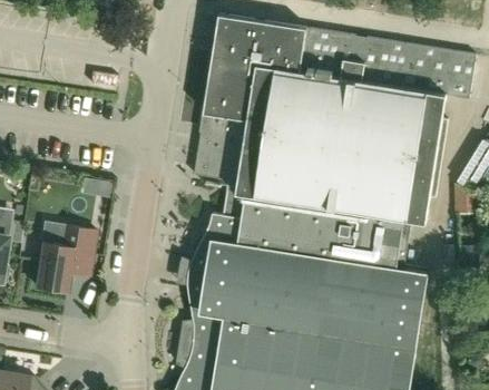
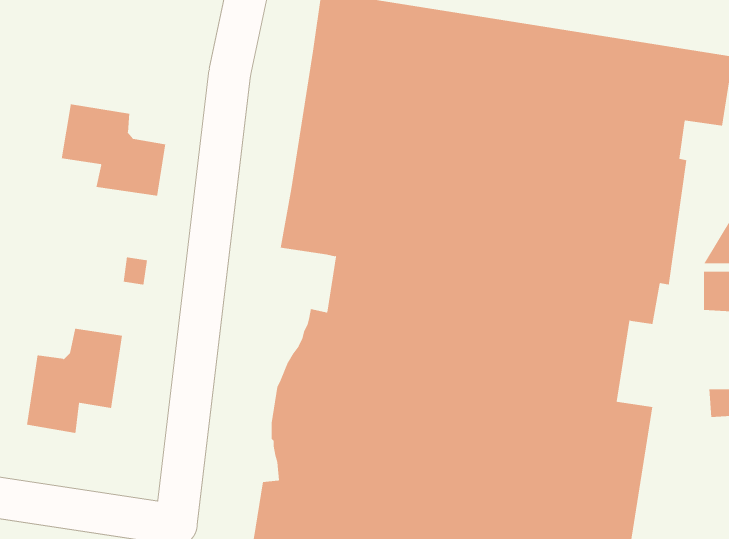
building: none -> [61,104,166,197]

